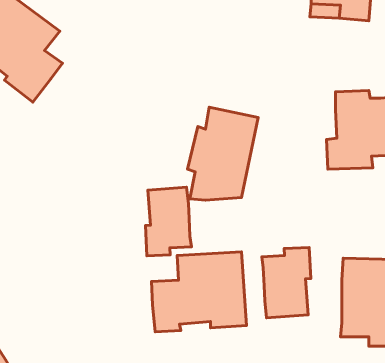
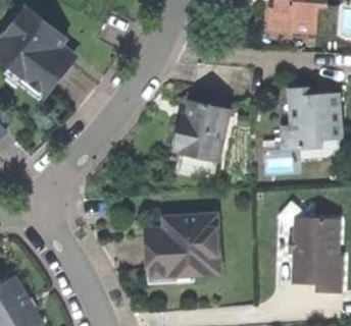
building: [146,187,191,256] -> none
building: [262,247,311,318] -> none

